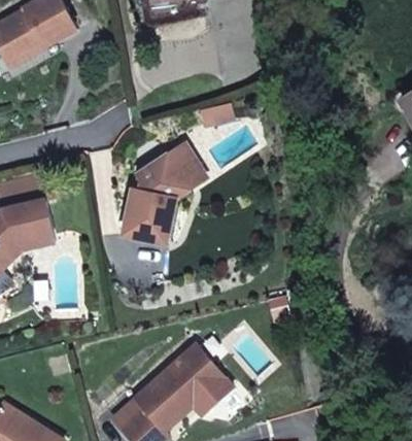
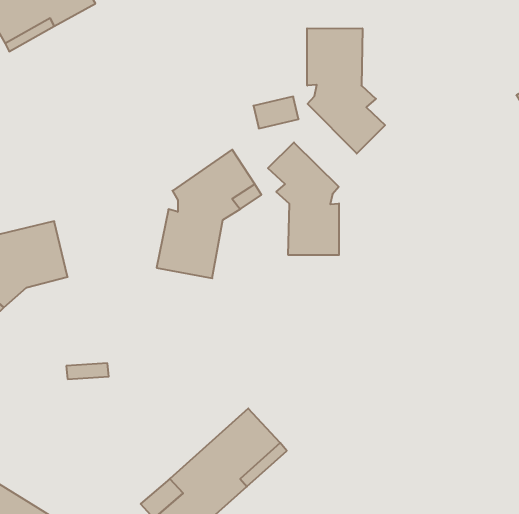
building: none -> [307,28,385,154]
building: none -> [268,142,339,255]

